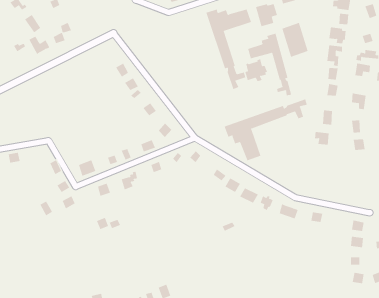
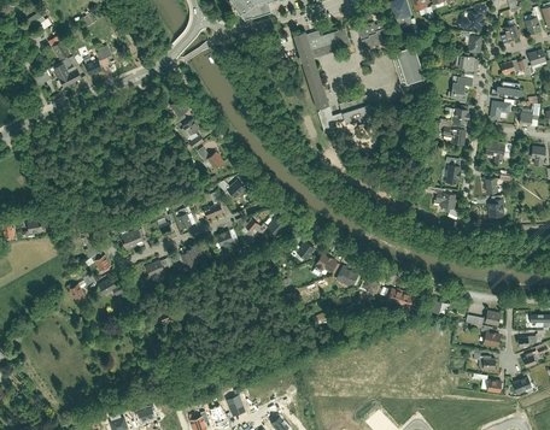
building: [247,33,292,96] -> none
building: [224,98,307,161] -> none

